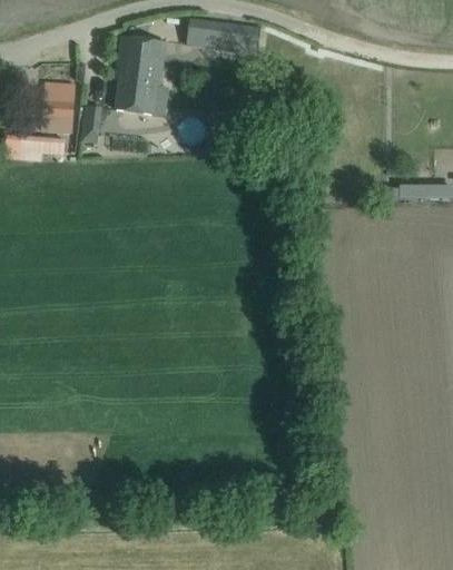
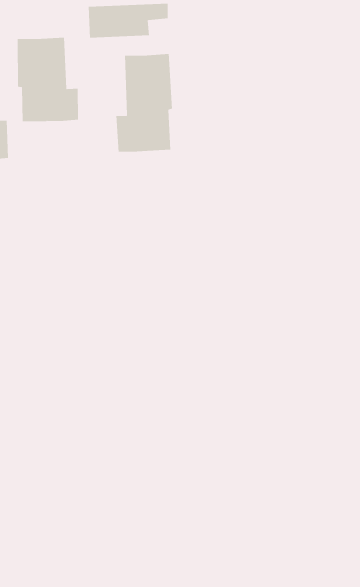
building: none -> [116,53,172,153]

